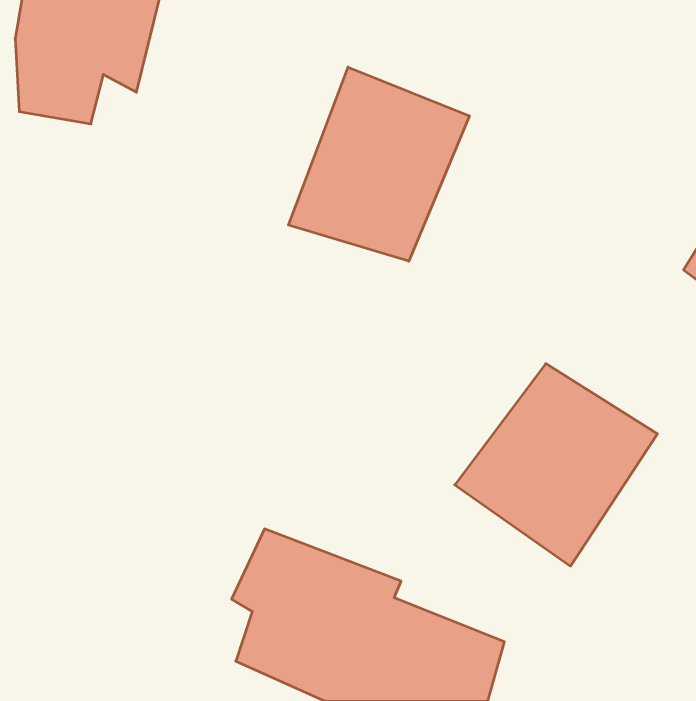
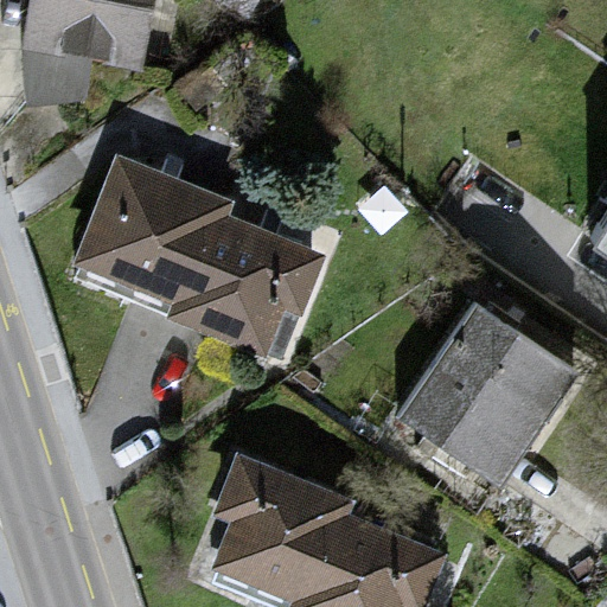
building: [288,67,469,261] -> none
building: none -> [74,154,334,358]

